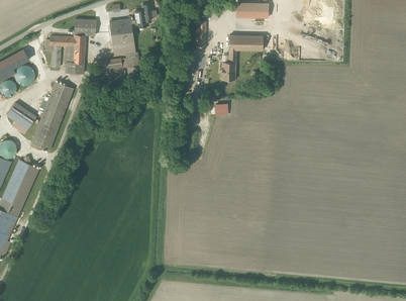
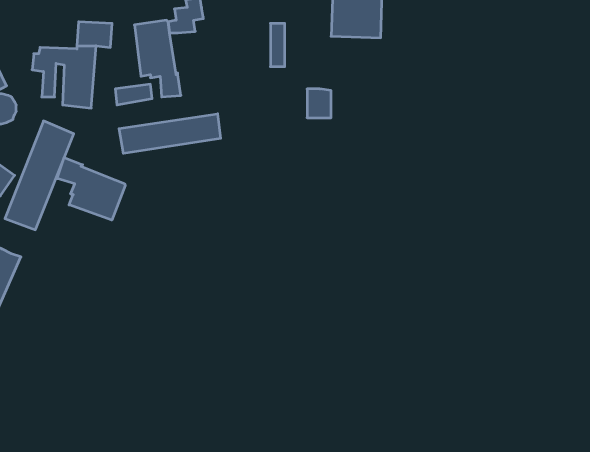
building: [227,34,262,63] -> none
building: none -> [119,114,221,153]
building: none -> [57,158,125,220]

